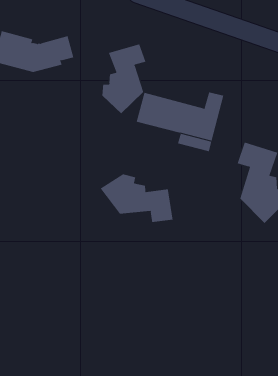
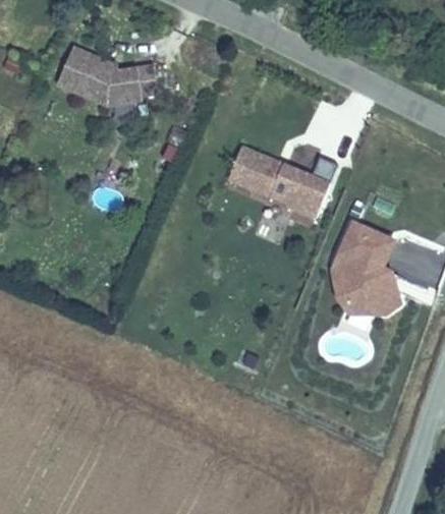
building: [102,43,146,114] -> none
building: [100,174,173,223] -> none

